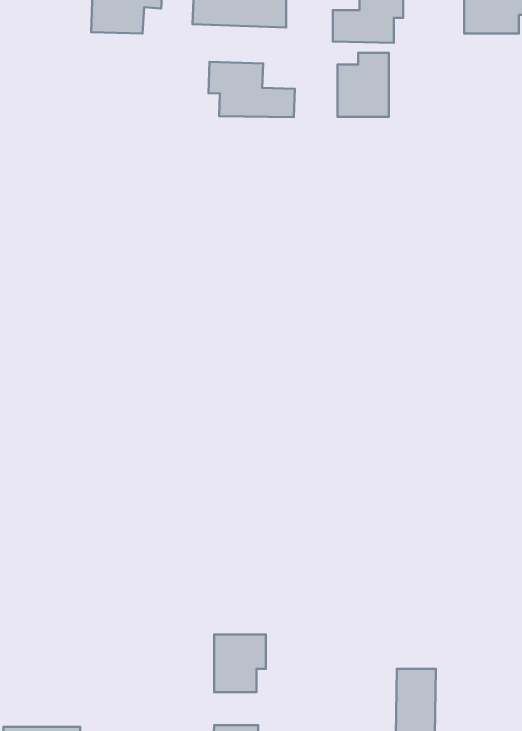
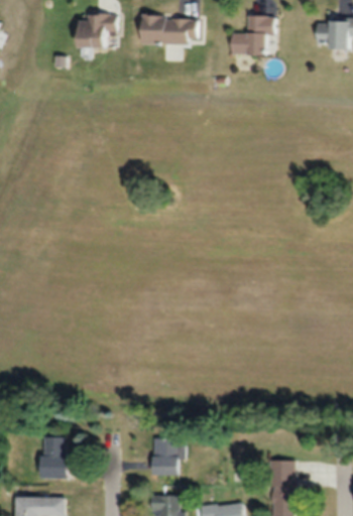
building: [337,53,389,117] -> none
building: [209,62,295,117] -> none
building: none -> [41,435,69,479]

